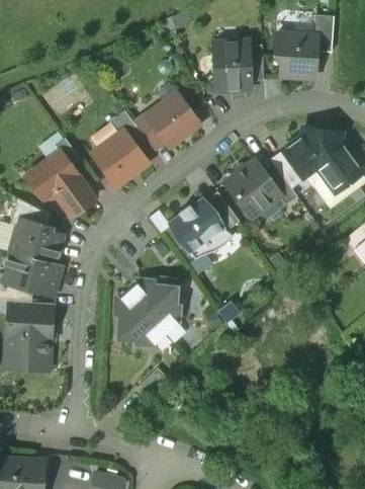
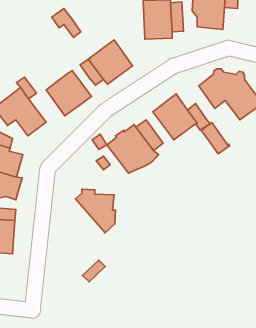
building: [109,110,146,147] -> [52,8,81,37]
building: [270,150,305,189] -> [201,122,230,154]
building: [115,292,166,344] -> none

